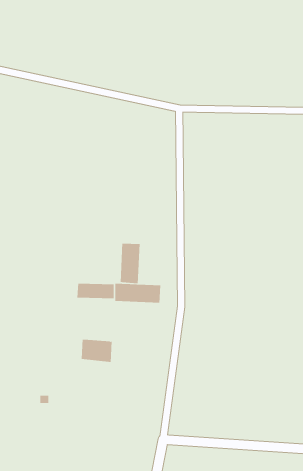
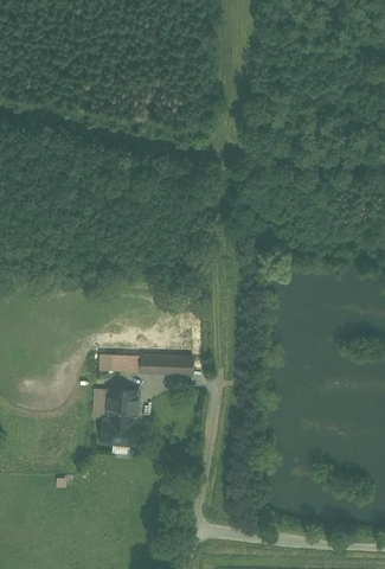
building: [120,243,140,284] -> none
building: none -> [104,386,136,418]

